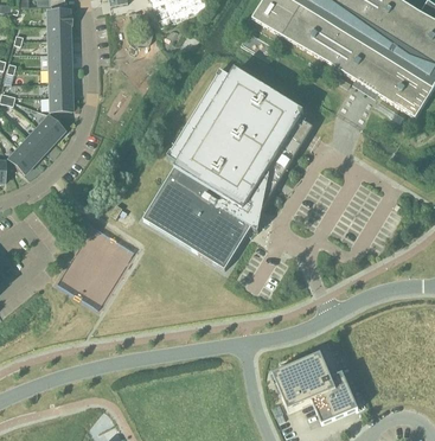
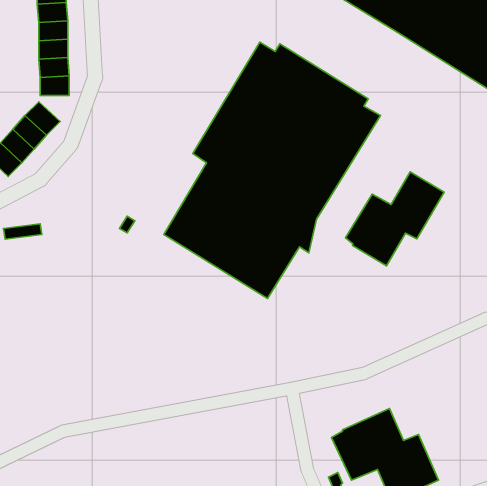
building: none -> [346,172,444,266]
building: [62,225,134,303] -> none

